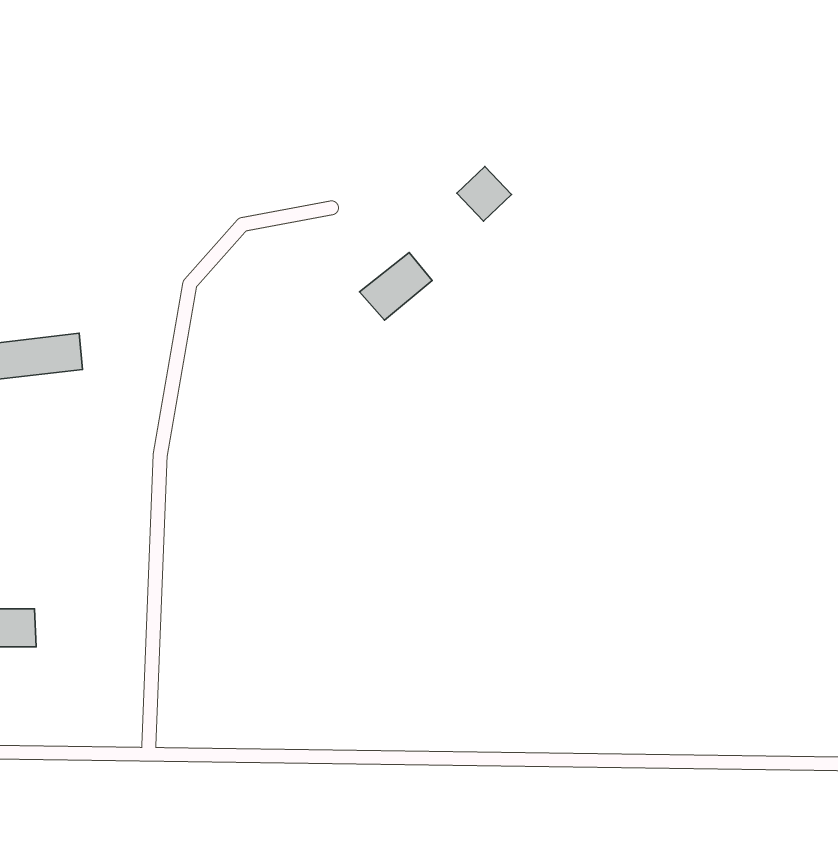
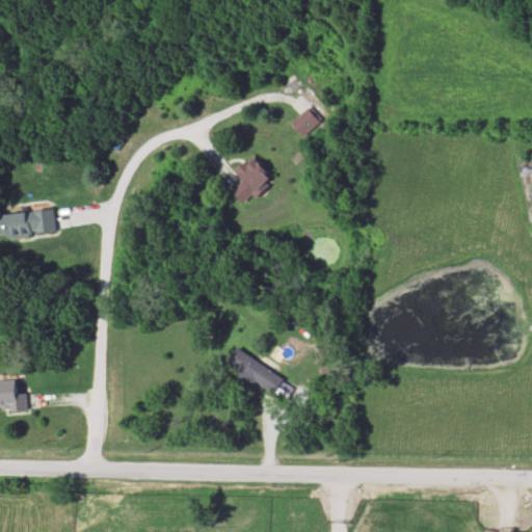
building: none -> [228,348,282,393]

